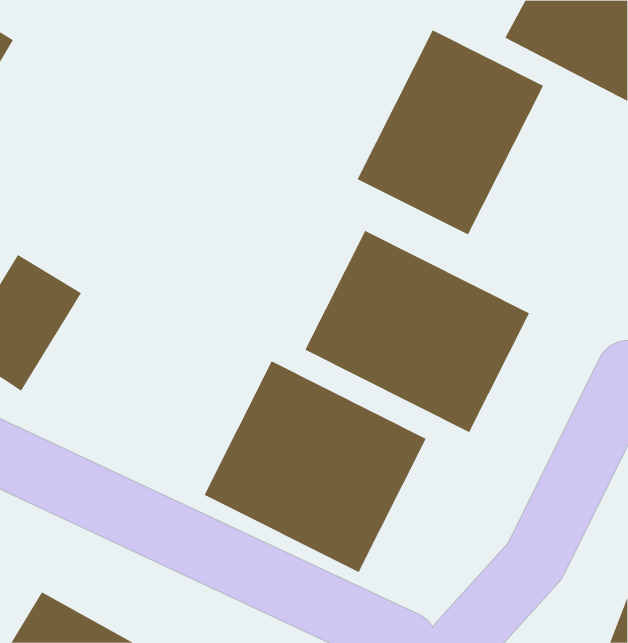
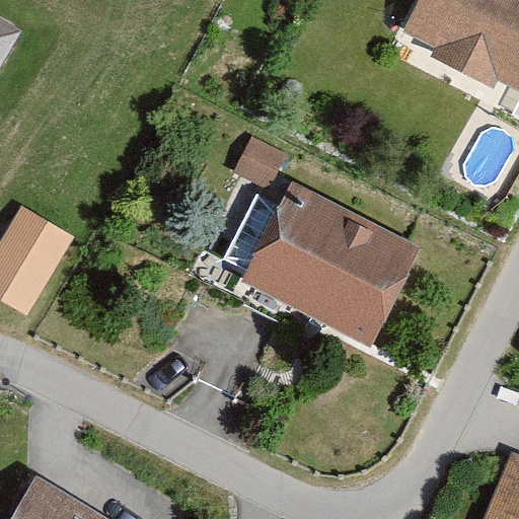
building: [357,29,544,235] -> none
building: [204,361,426,573] -> none

